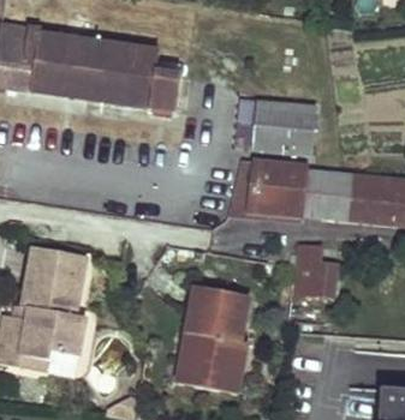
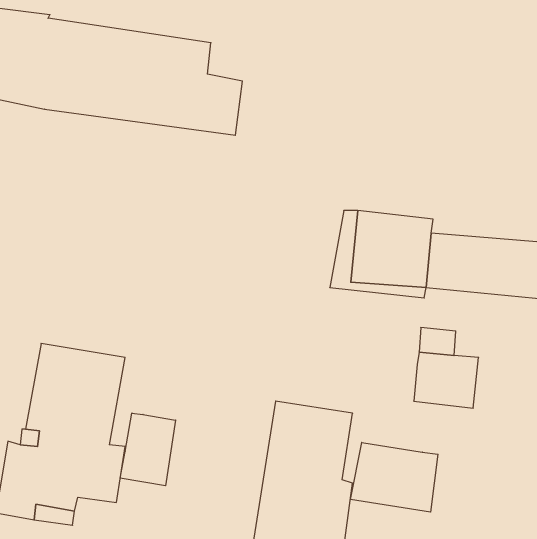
building: [254,101,314,155] -> none
building: none -> [120,413,176,486]
building: none -> [350,442,438,512]

